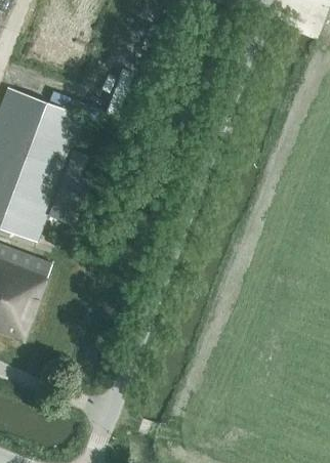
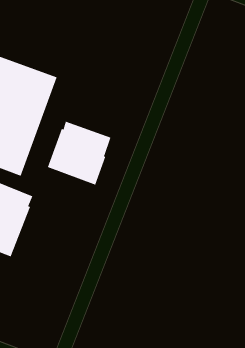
building: none -> [47,121,111,185]

